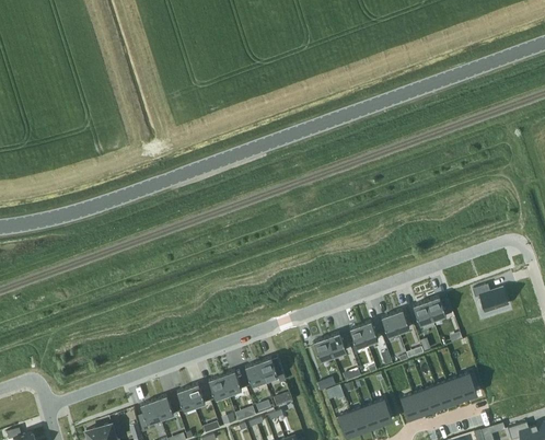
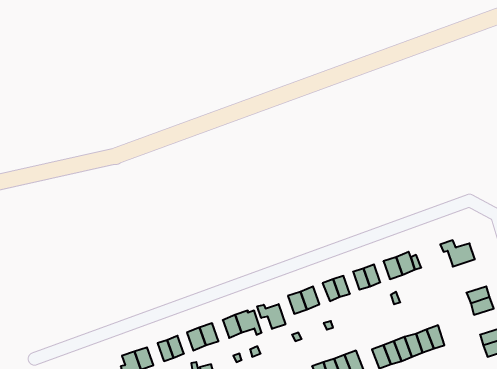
building: none -> [257,304,285,329]

